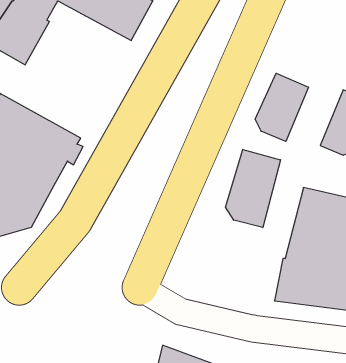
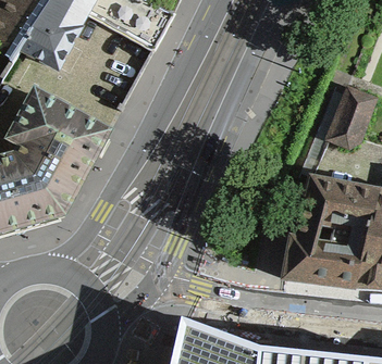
building: [255,73,308,141] -> none
building: [226,149,281,228] -> none

